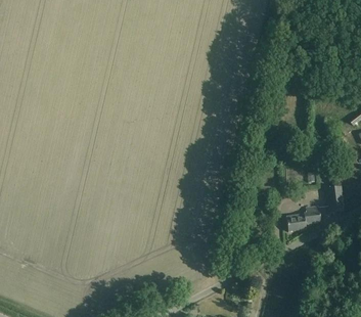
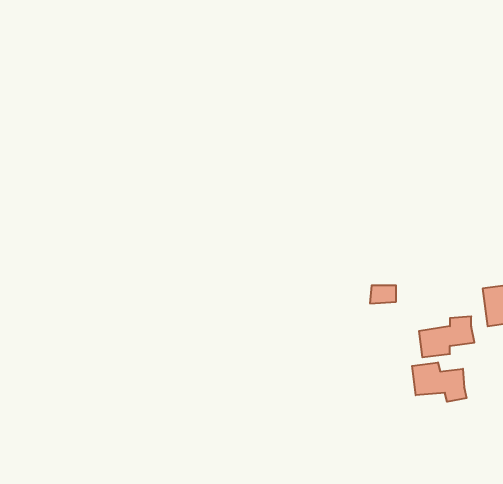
building: none -> [412,362,467,402]

